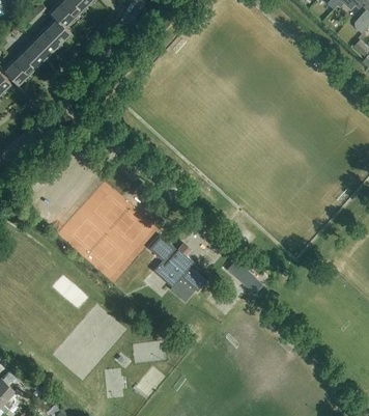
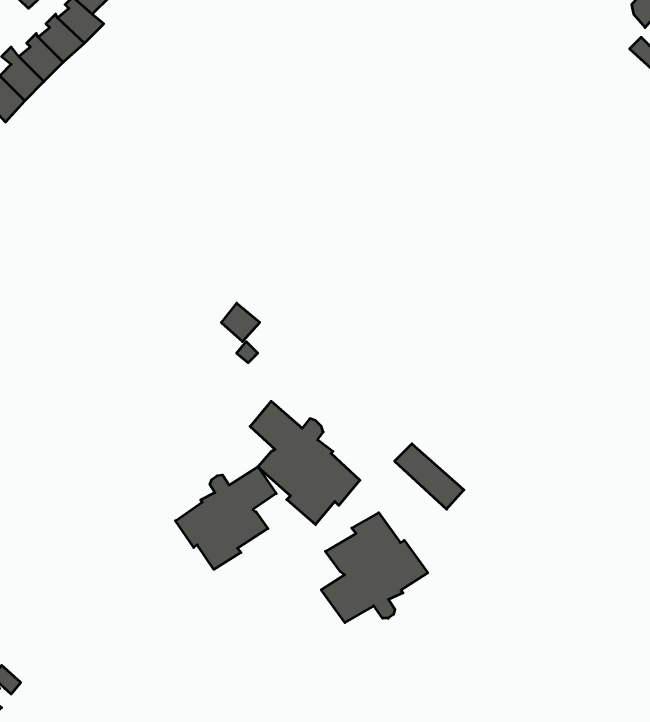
building: none -> [175,467,276,569]
building: none -> [321,513,428,623]

